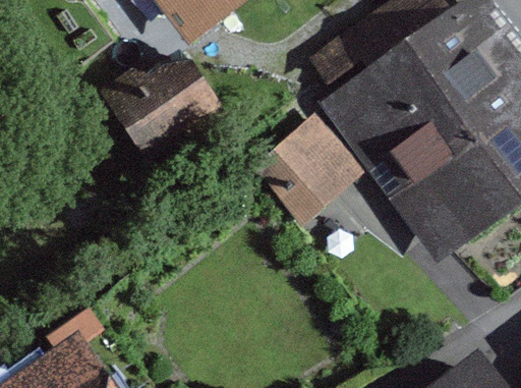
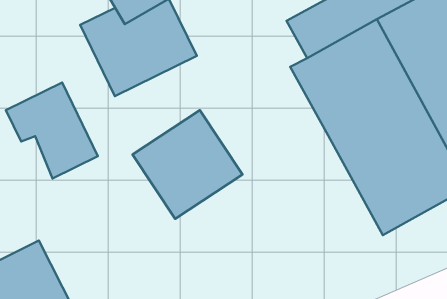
building: [251,110,367,225] -> [133,110,243,219]
building: none -> [6,83,98,178]

